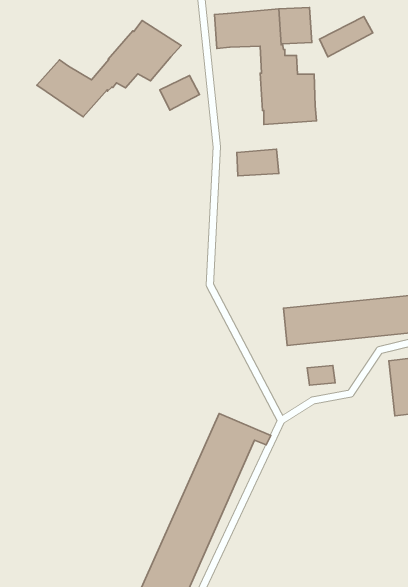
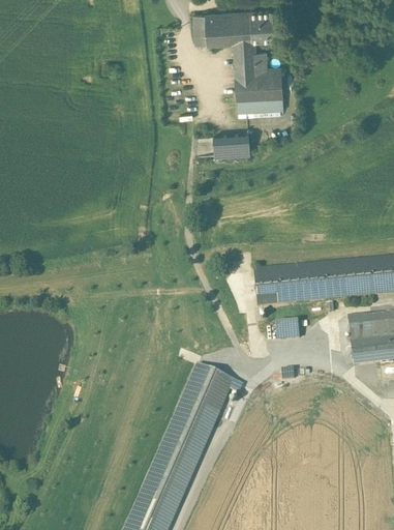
building: [320,17,373,57] -> none
building: [37,21,181,117] -> none
building: [160,75,200,110] -> none

